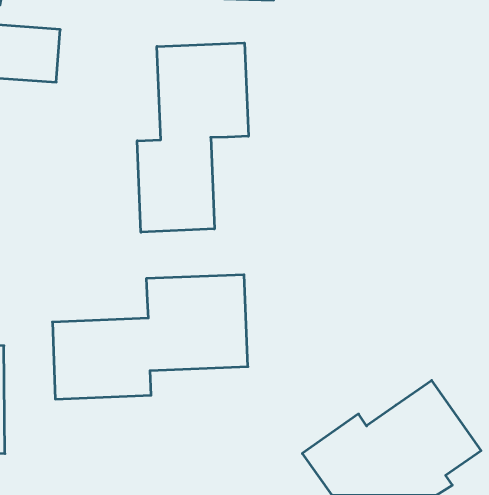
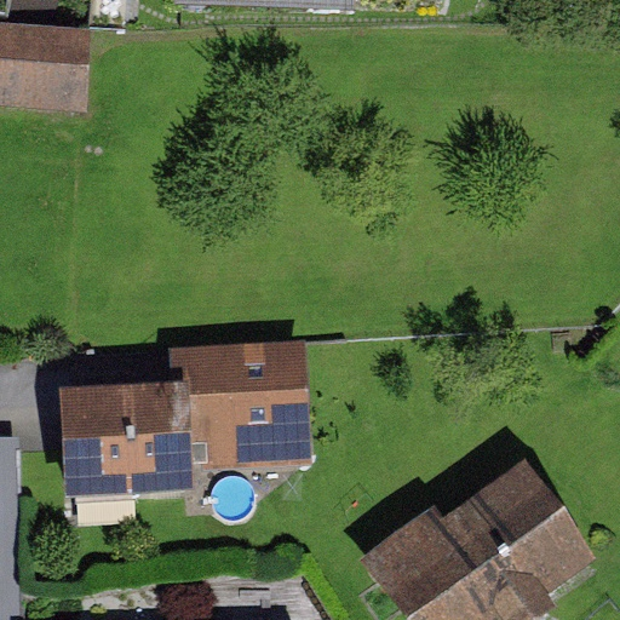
building: [137,43,248,232] -> none

